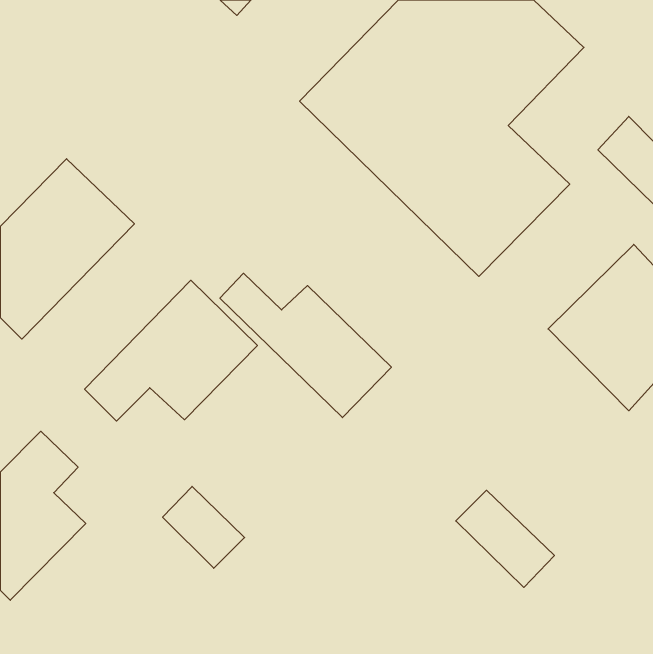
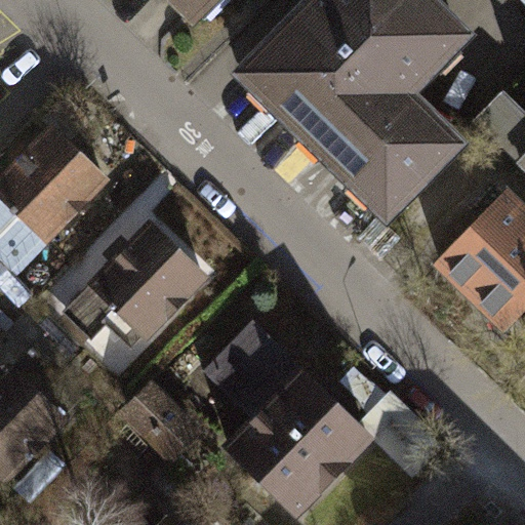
building: [220,273,391,418] -> none
building: none -> [211,324,371,512]

